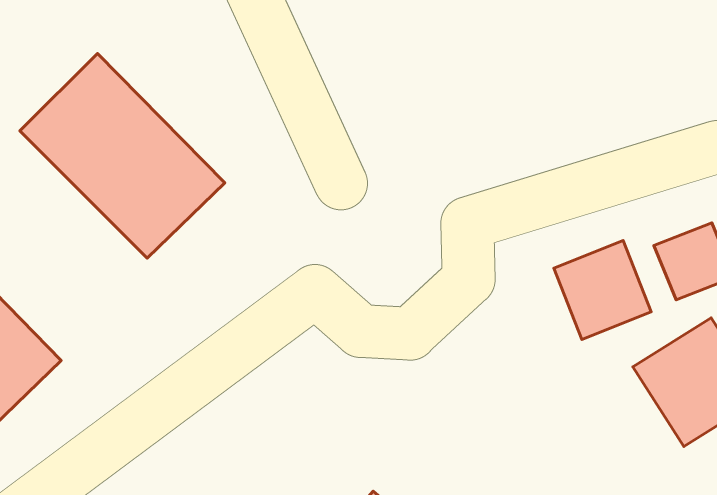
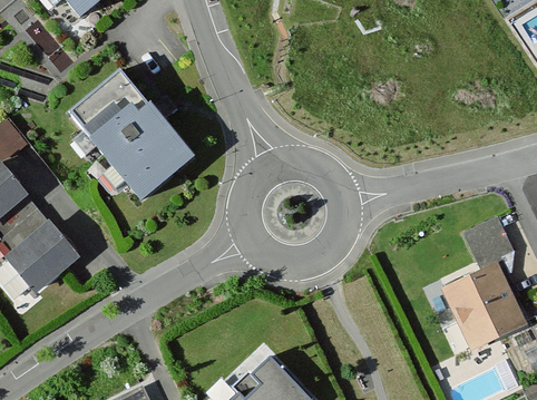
building: [554,241,651,340] -> none

